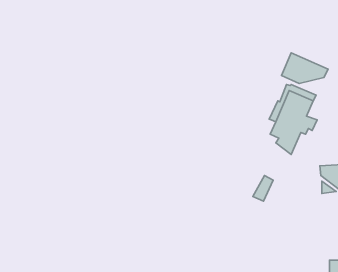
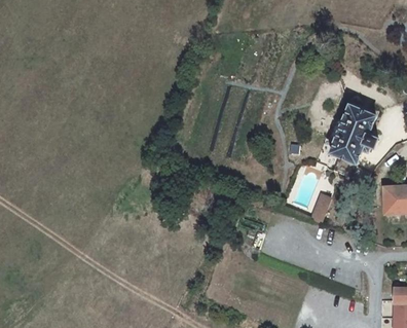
building: [282,53,328,83] -> none

